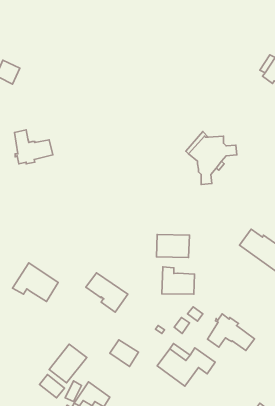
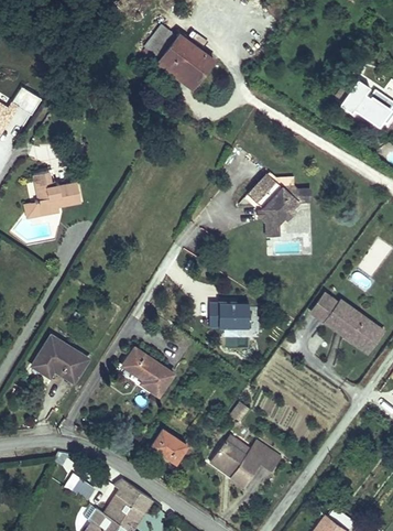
building: none -> [144,26,215,83]
building: [162,267,195,294] -> none
building: [208,314,255,350] -> none
building: [49,344,87,383] -> none

